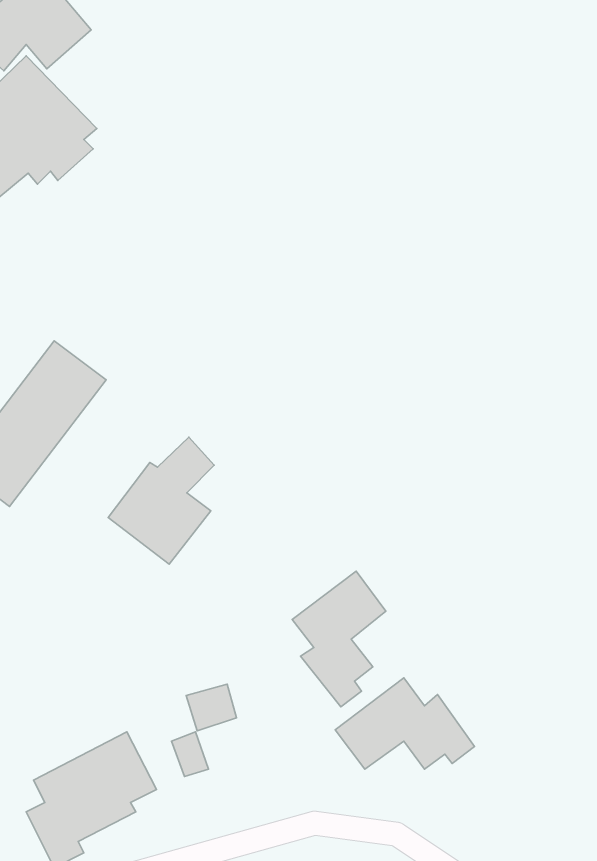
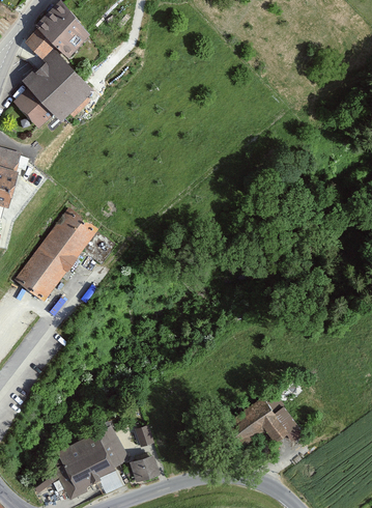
building: [108,437,214,564] -> none
building: [292,571,386,707] -> none
building: [186,684,236,731] -> [130,457,158,483]

